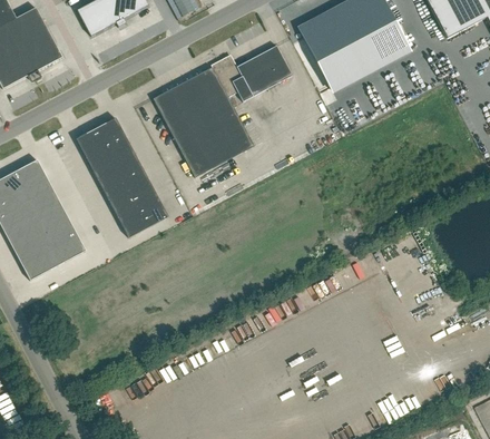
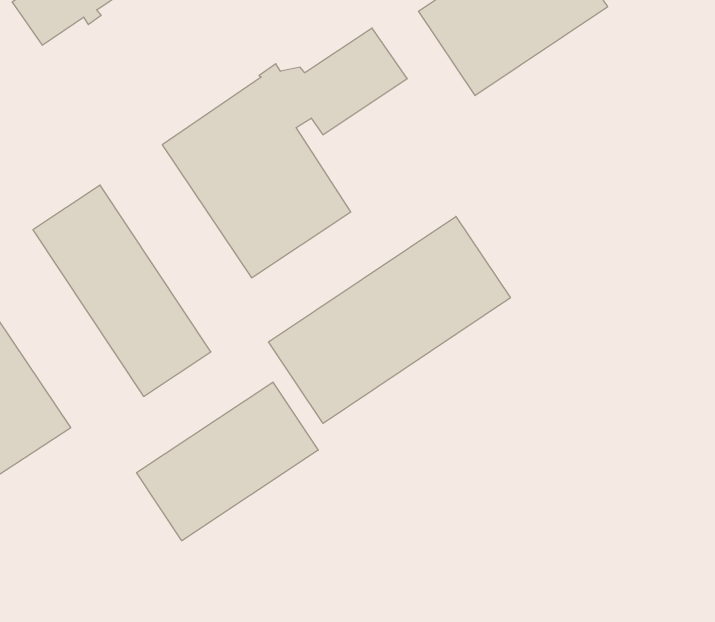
building: none -> [269,216,510,423]
building: none -> [137,382,318,541]

